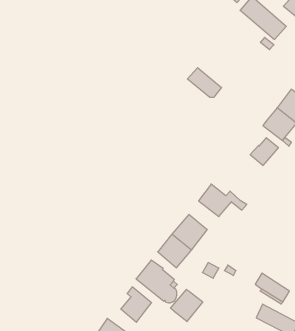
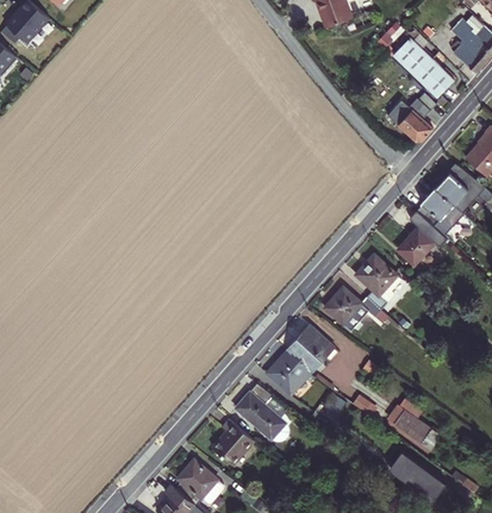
building: [187,68,222,97] -> [387,100,432,140]
building: none -> [355,255,401,309]
building: [171,289,203,322] -> none

